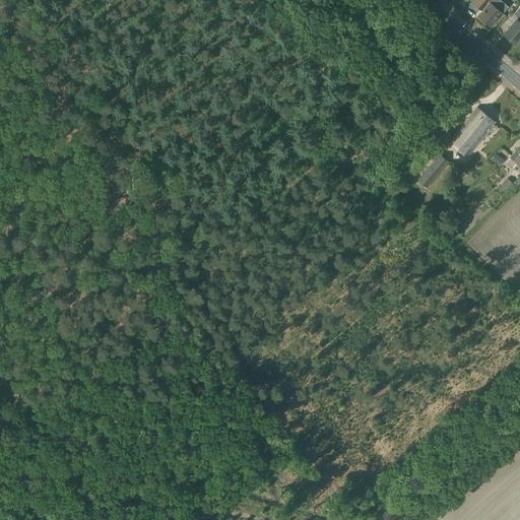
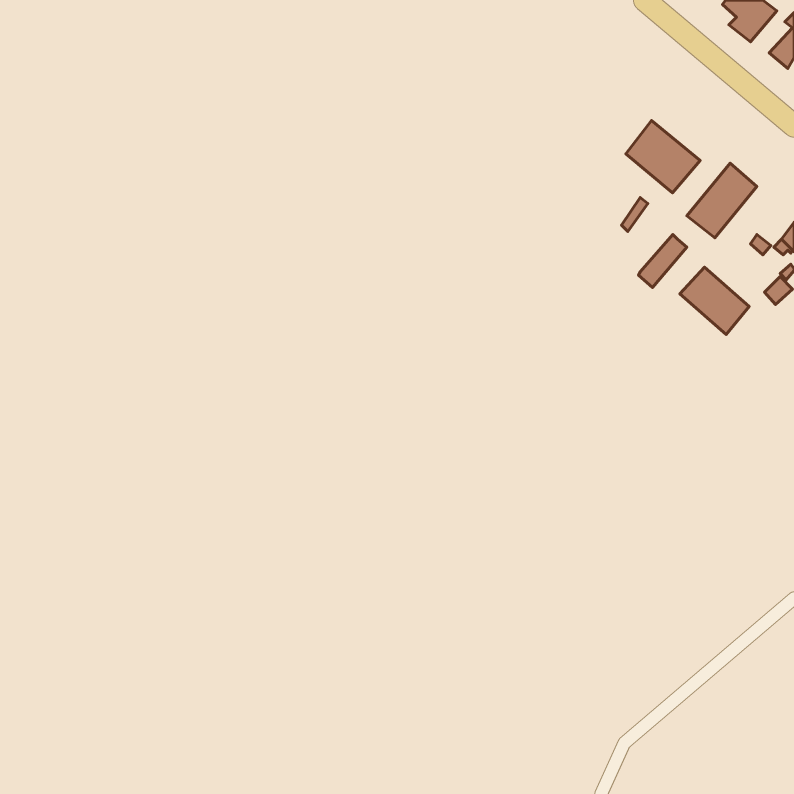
building: none -> [626,121,700,193]
building: none -> [680,267,749,334]

